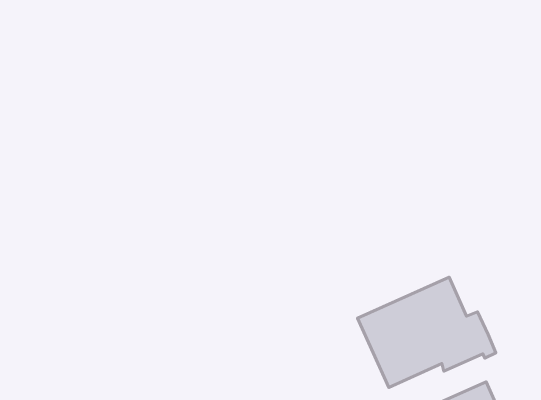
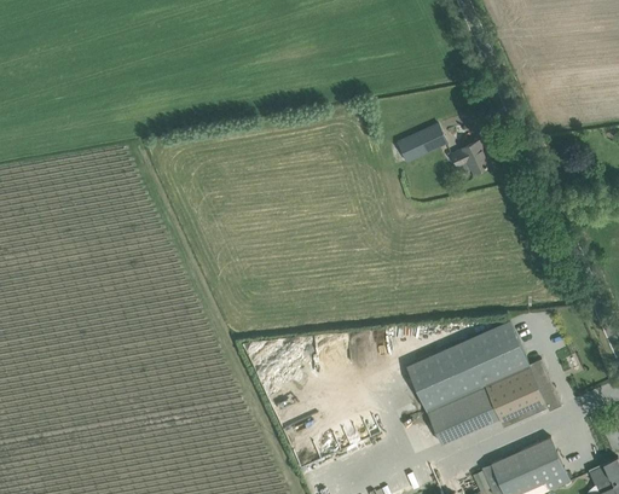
building: none -> [393,124,446,170]
building: none -> [451,143,491,174]

